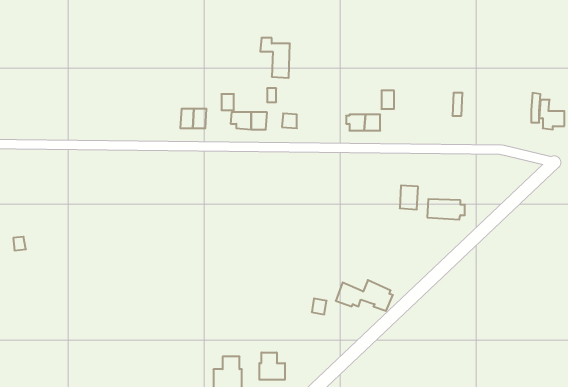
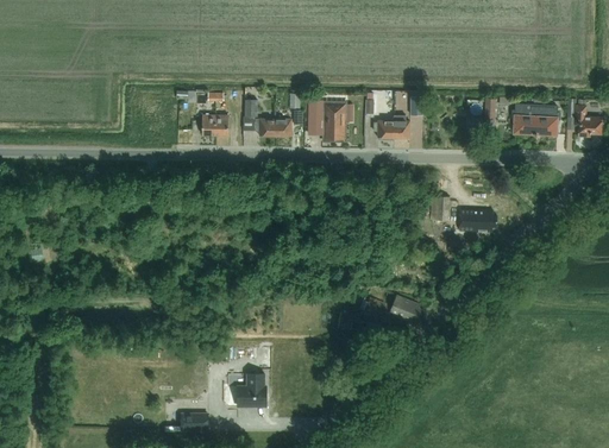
building: [260,38,290,78] -> [313,99,344,140]
building: none -> [510,105,560,134]
building: [259,352,285,380] -> none

